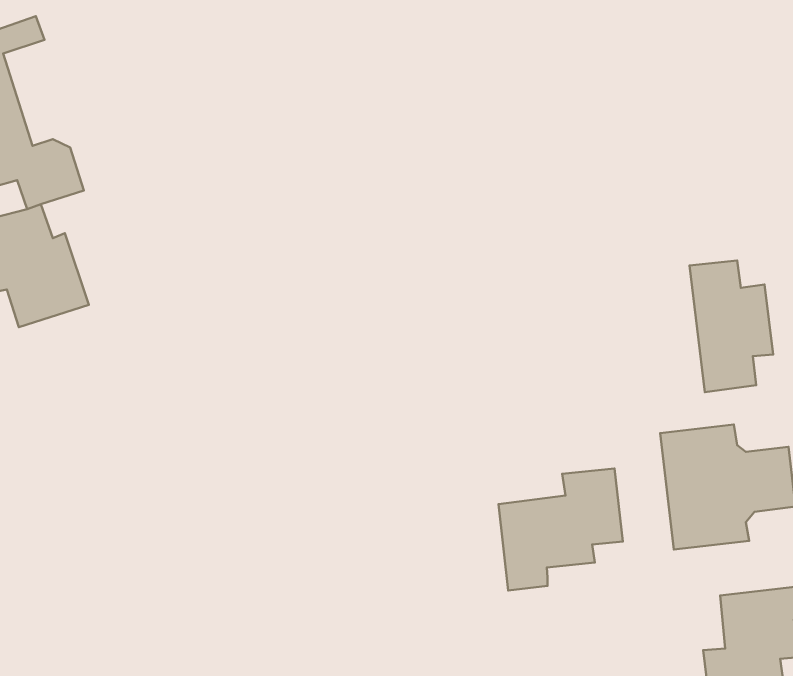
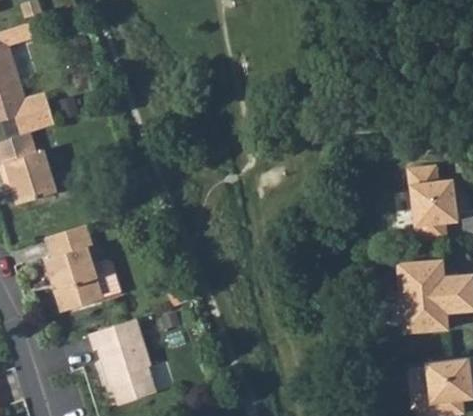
building: none -> [39,225,122,314]
building: [498,468,623,591] -> none
building: none -> [88,318,156,404]

